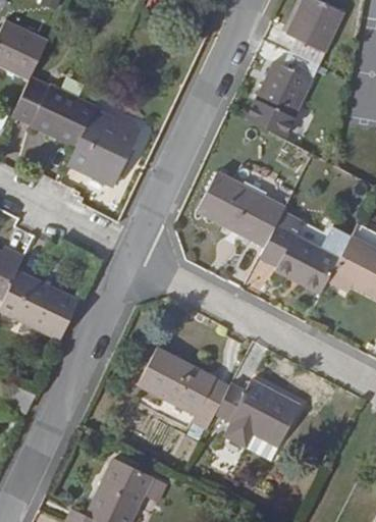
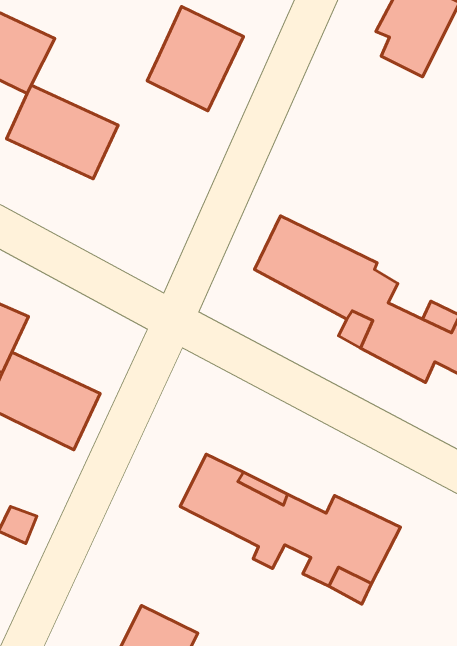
building: [244,54,319,138] -> none
building: [66,109,138,187] -> [147,6,244,111]

